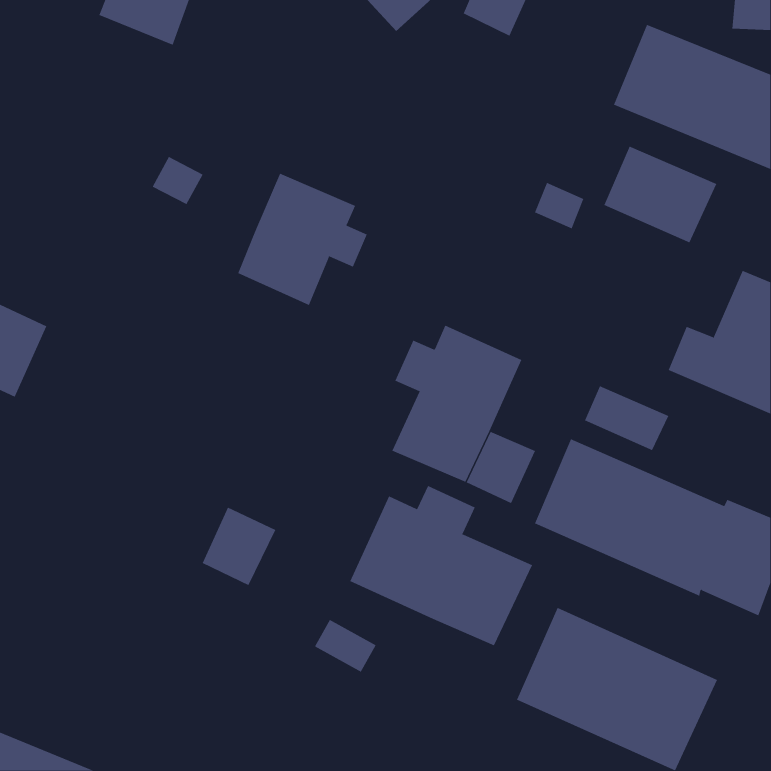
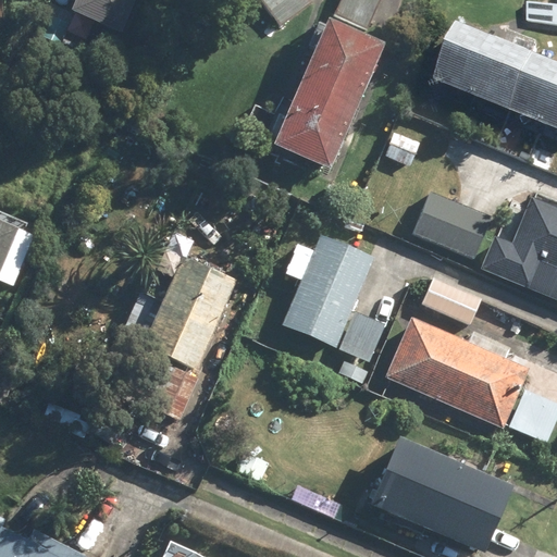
building: none -> [275,24,384,171]
building: [603,146,717,243] -> [408,188,490,258]
building: [238,173,368,306] -> none
building: none -> [139,252,249,371]
building: [350,485,533,646] -> none

